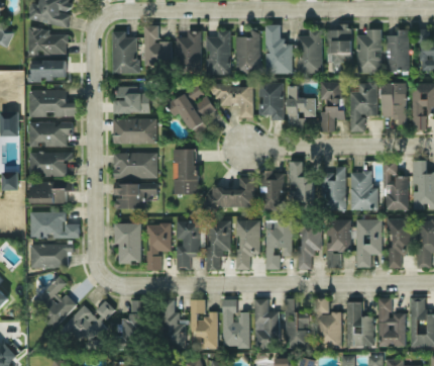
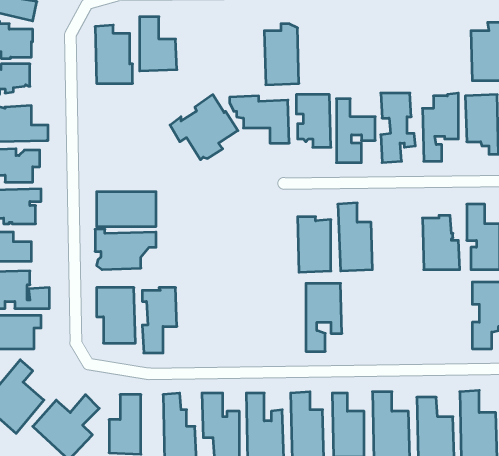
building: [327,23,351,72] -> none
building: [264,24,293,74] -> none
building: [297,29,322,75] -> none
building: [356,29,381,74] -> none
building: [178,30,201,73] -> none
building: [206,30,231,74] -> none
building: [113,85,150,113] -> none
building: [113,118,156,144] -> none
building: [173,148,199,194] -> none
building: [322,167,346,211] -> none
building: [211,176,253,206] -> none
building: [296,217,321,269] -> none
building: [356,218,382,268] -> none
building: [235,219,259,268] -> none
building: [326,219,350,267] -> none
building: [177,220,199,268] -> none
building: [206,220,229,269] -> none

